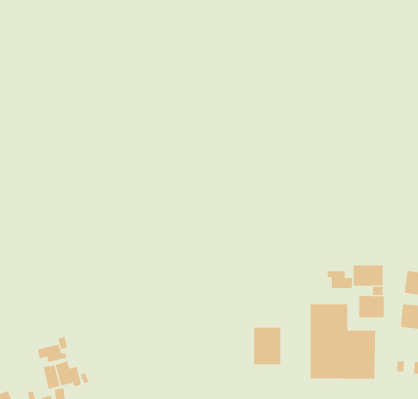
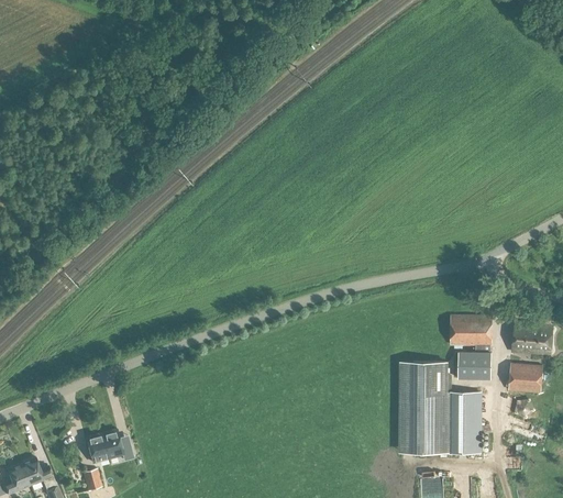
building: [327,271,353,289] -> none
building: [254,327,281,365] -> none
building: [37,344,67,363] -> none

